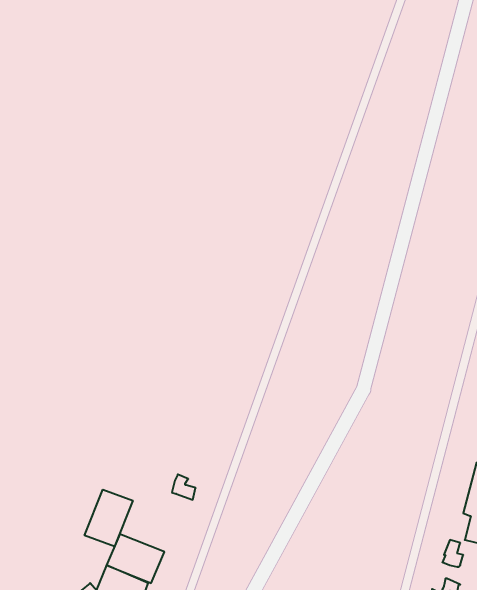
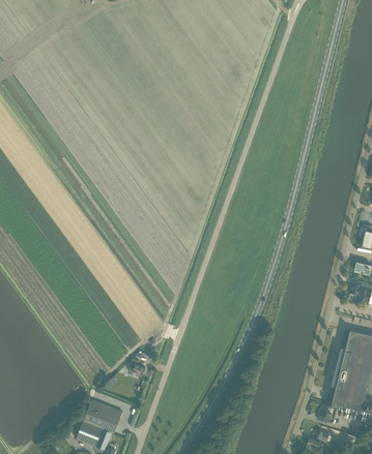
building: [85,490,133,546] -> none

